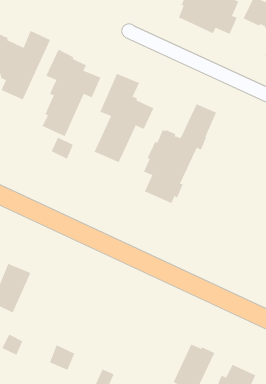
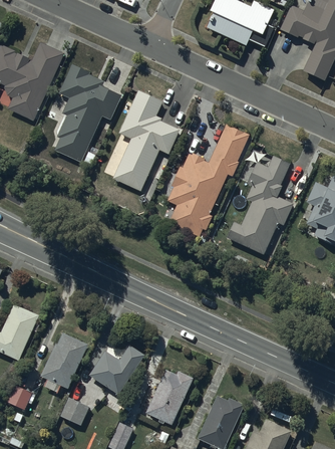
building: none -> [225,156,294,255]
building: [51,137,74,160] -> none
building: none -> [40,332,90,394]
building: none -> [90,344,146,395]
building: none -> [148,368,195,424]

